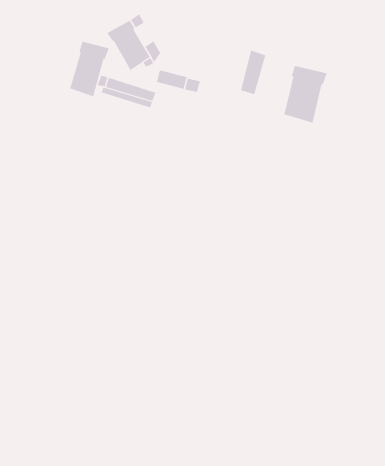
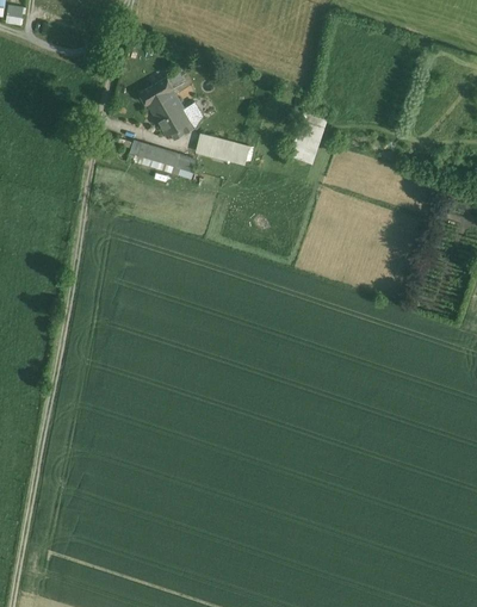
building: [69,41,110,97] -> none
building: [284,65,327,123] -> none

